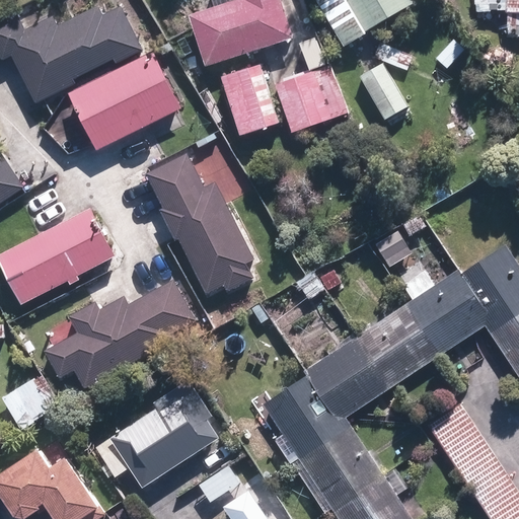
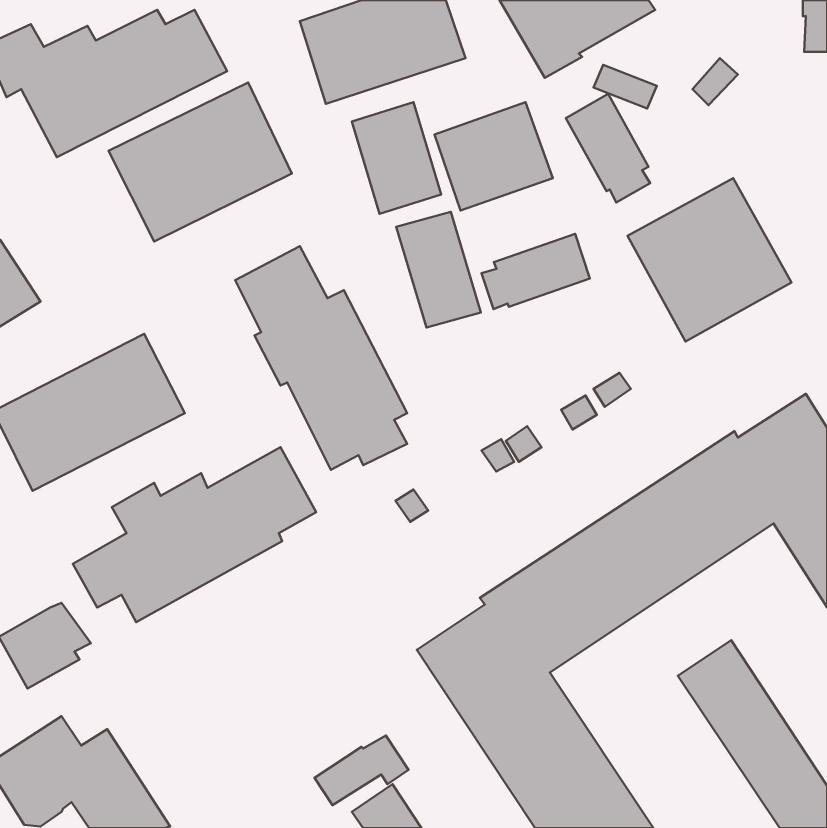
building: none -> [628,178,792,341]
building: none -> [396,212,481,327]
building: none -> [481,234,590,309]
building: [92,380,216,489] -> none

